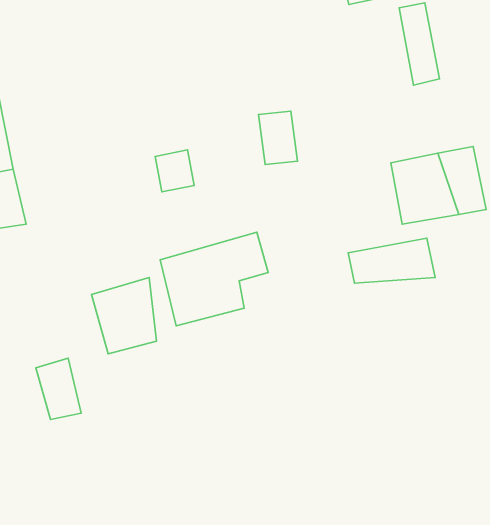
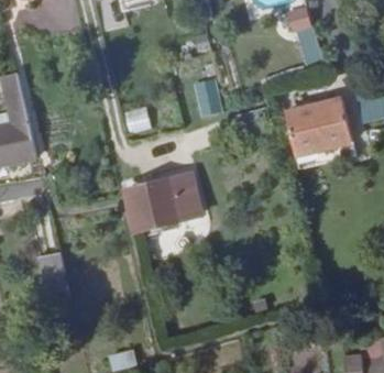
building: [348,238,435,283] -> none
building: [91,278,157,354] -> none

